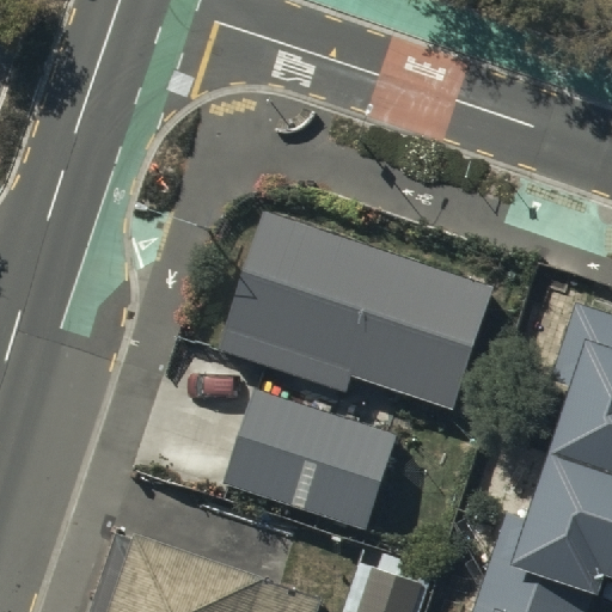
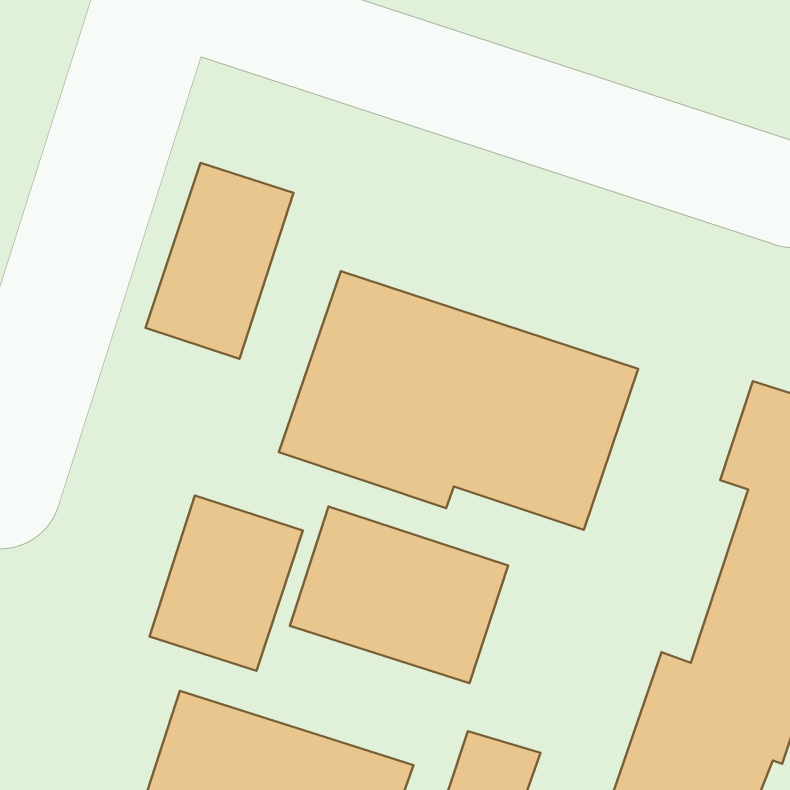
building: none -> [146,163,294,359]
building: none -> [150,495,303,671]

